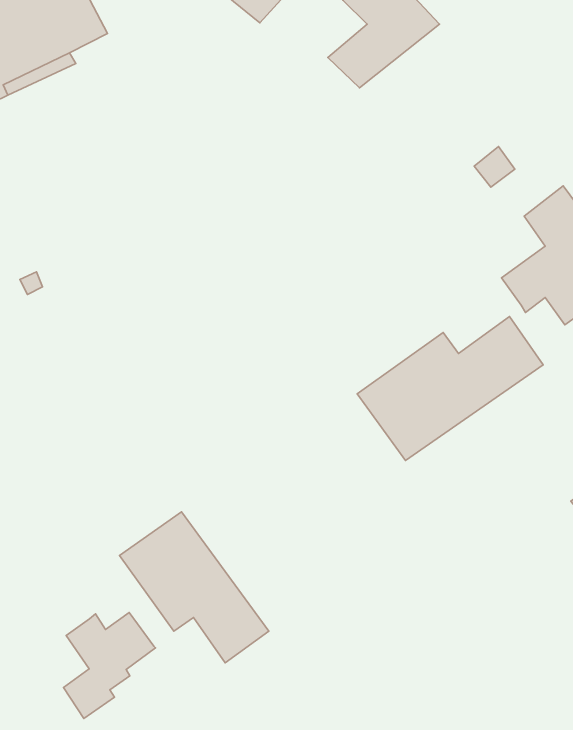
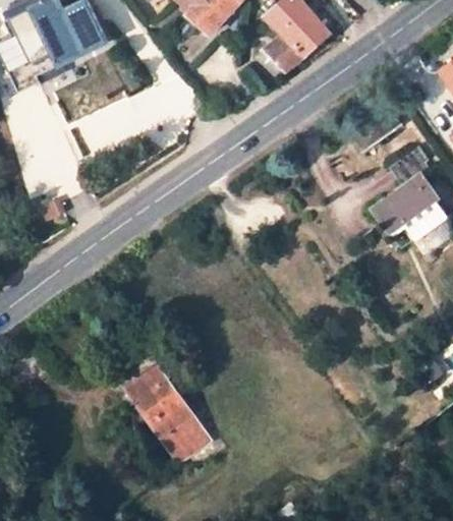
building: [357,317,543,461] -> none
building: [64,613,156,719] -> none

